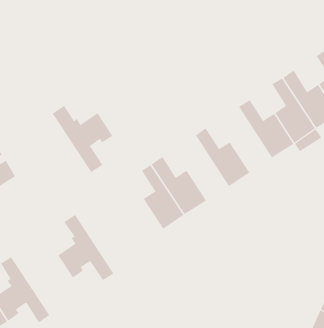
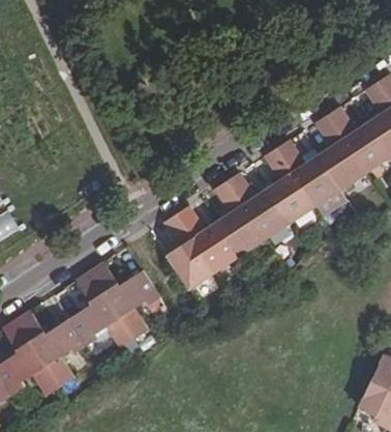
building: [52,105,113,173] -> [89,262,159,340]
building: none -> [265,148,314,224]
building: none -> [214,181,265,256]
building: none -> [16,310,86,387]

